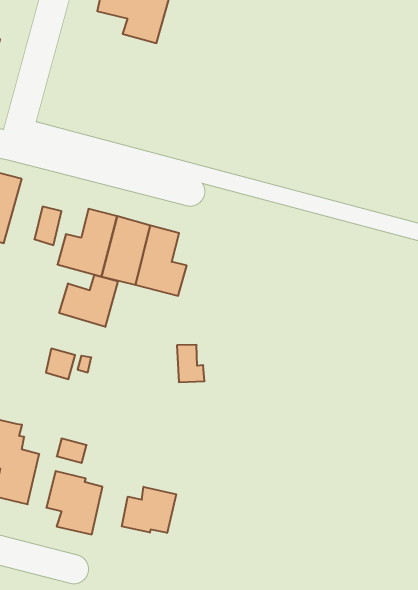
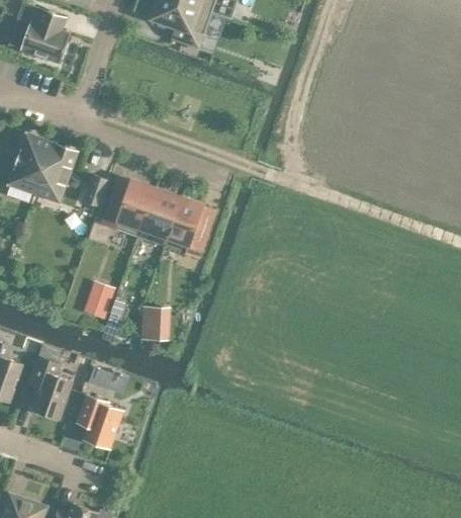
building: [59,275,118,327] -> none
building: [177,345,205,382] -> [143,308,164,339]
building: [122,487,176,533] -> none

